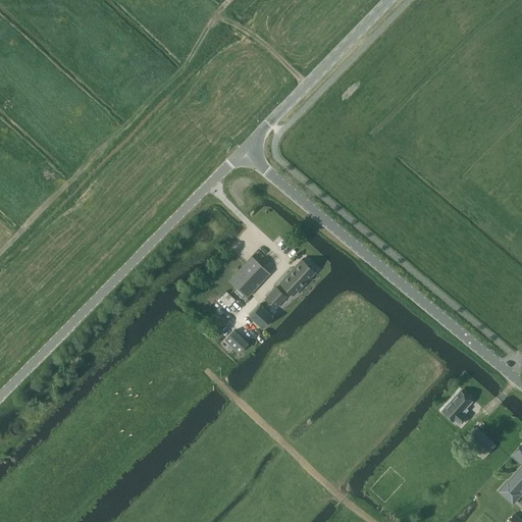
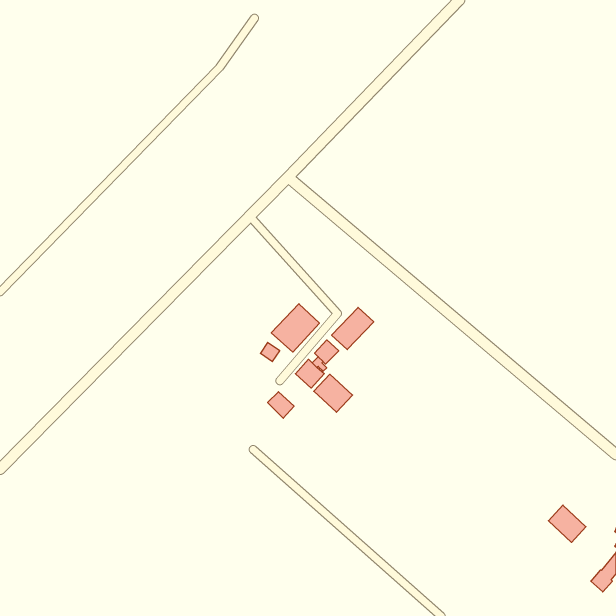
building: none -> [314,374,353,412]
building: [442,392,471,424] -> none

